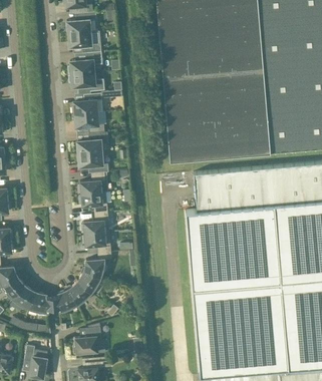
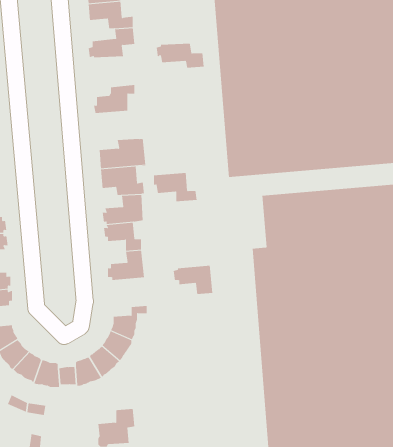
building: [69,74,104,92] -> [156,43,205,68]
building: [73,113,105,134] -> [153,173,198,202]
building: [82,234,111,255] -> [173,265,213,294]

